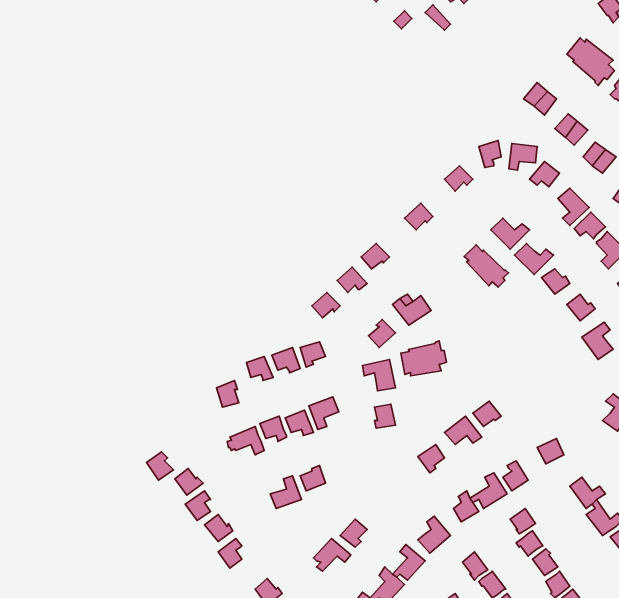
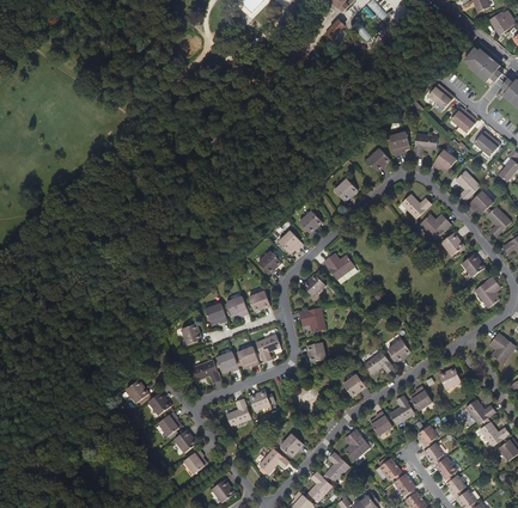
building: [464,245,509,287] -> none
building: [401,341,447,376] -> none

